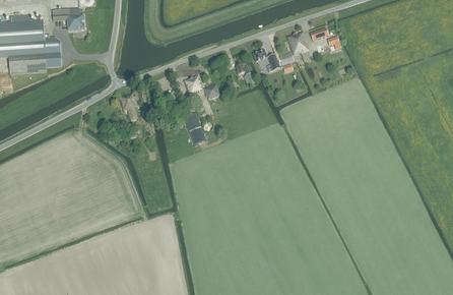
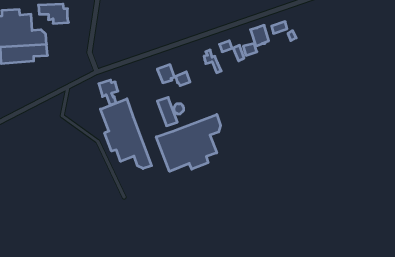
building: none -> [100,99,152,169]
building: none -> [156,114,221,171]

